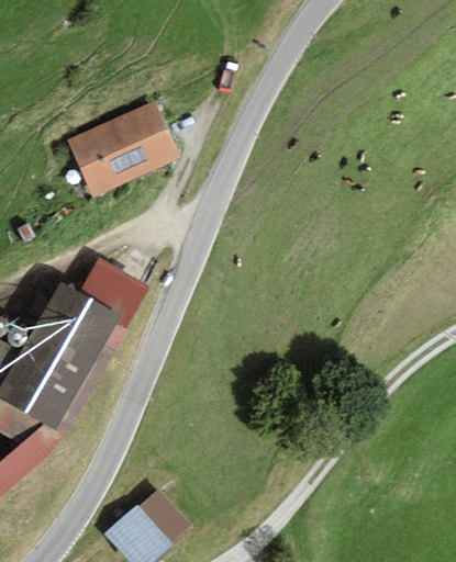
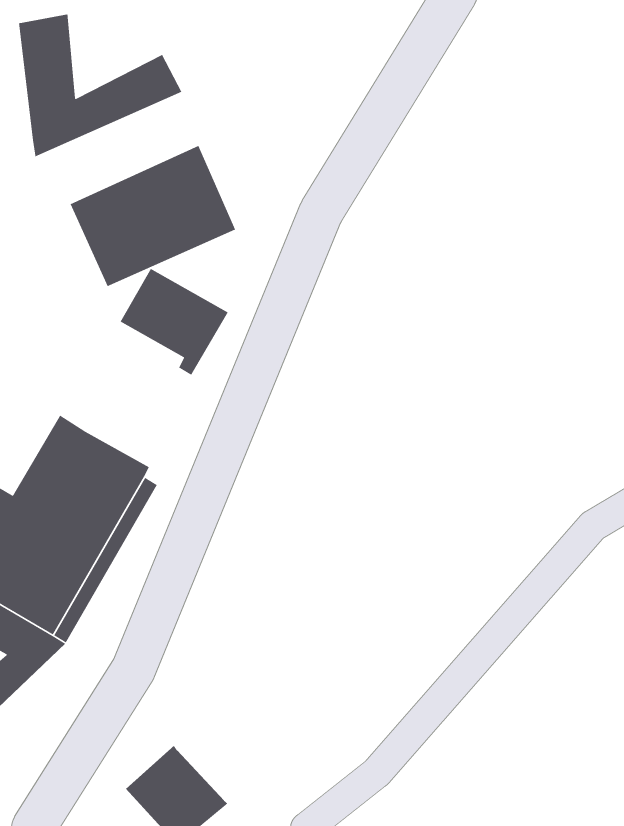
building: none -> [18,13,183,158]
building: [77,257,151,329] -> [119,268,229,376]
building: [138,490,189,541] -> none

